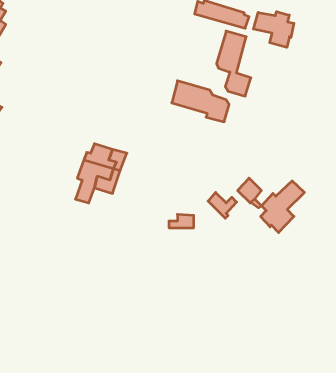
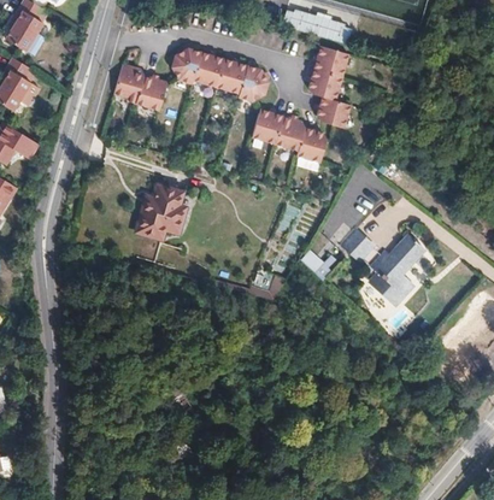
building: [253,12,294,47] -> none
building: none -> [174,49,267,100]
building: none -> [116,65,169,110]

